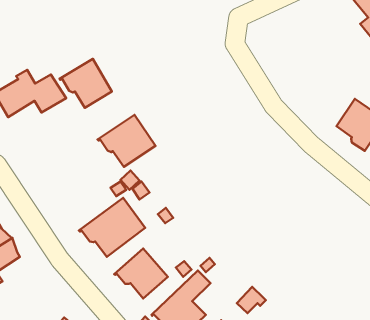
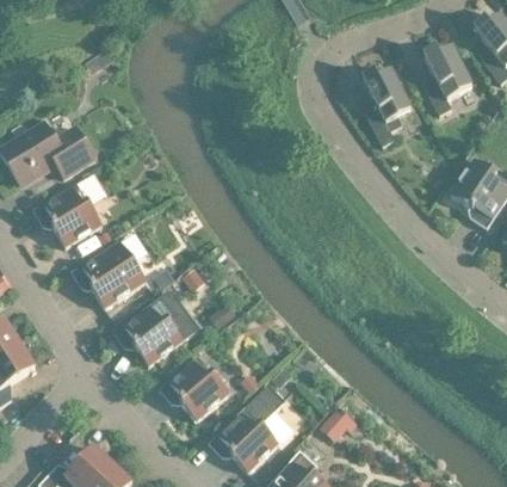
building: none -> [422,47,470,115]
building: none -> [361,66,409,147]
building: [59,59,112,108] -> [31,183,100,247]
building: [97,115,156,167] -> [69,240,146,308]

